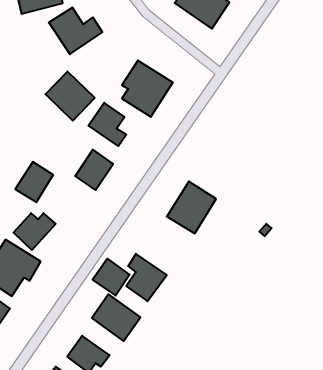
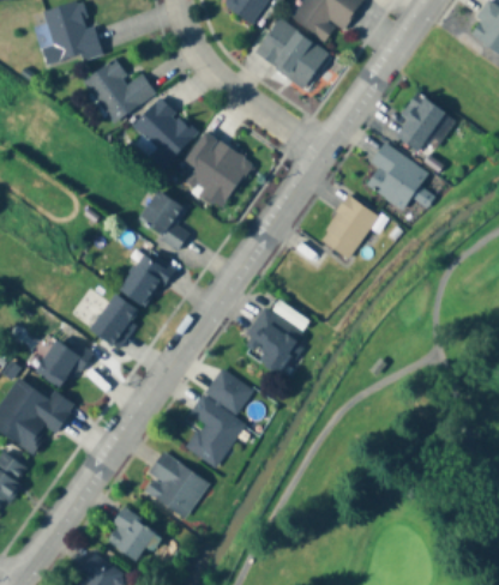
building: none -> [399,97,445,149]
building: none -> [362,139,437,207]
building: [45,71,95,121] -> [130,98,197,165]
building: none -> [319,194,379,261]
building: [15,162,53,202] -> [90,294,142,349]
building: [93,259,130,296] -> [202,367,252,417]

